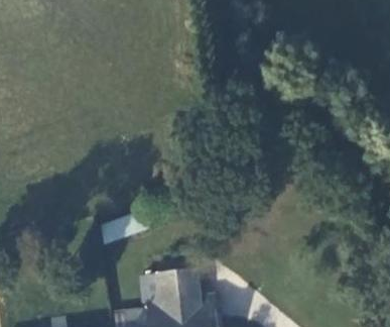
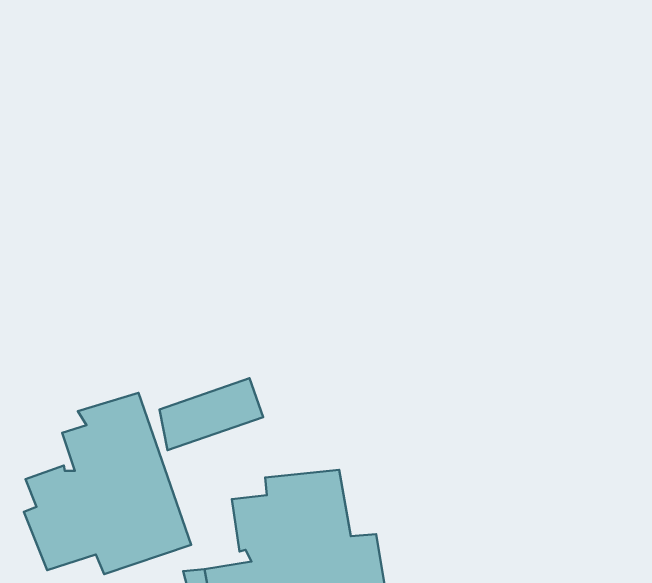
building: none -> [24,393,191,574]

